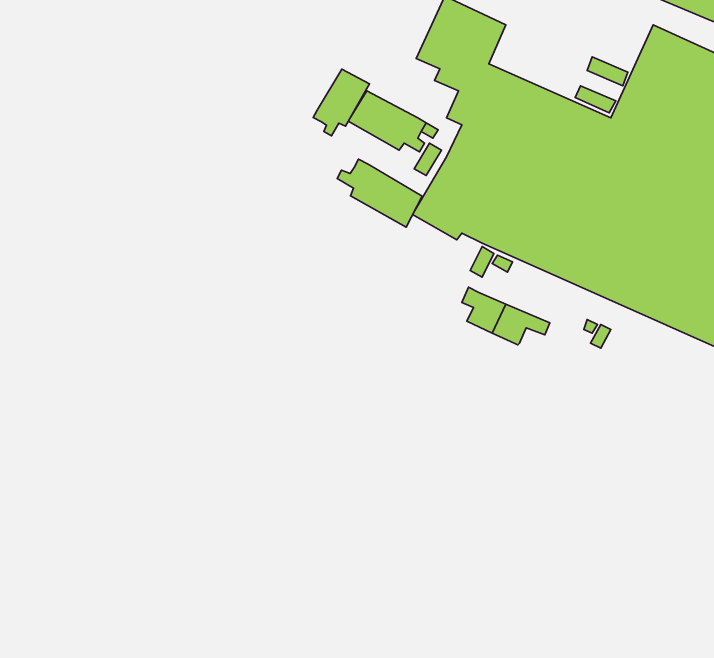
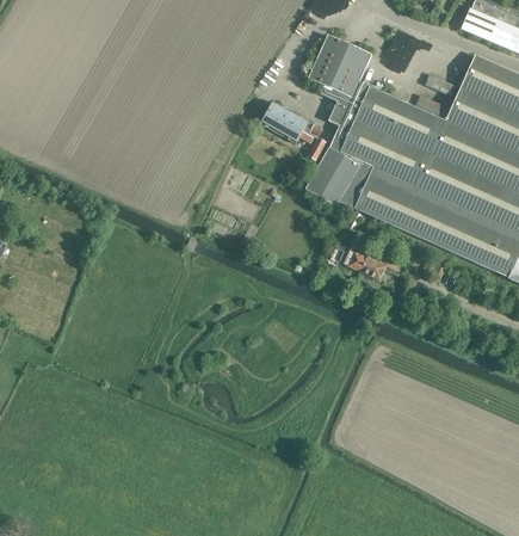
building: [313,69,370,136] -> none
building: [337,159,422,227] -> none

